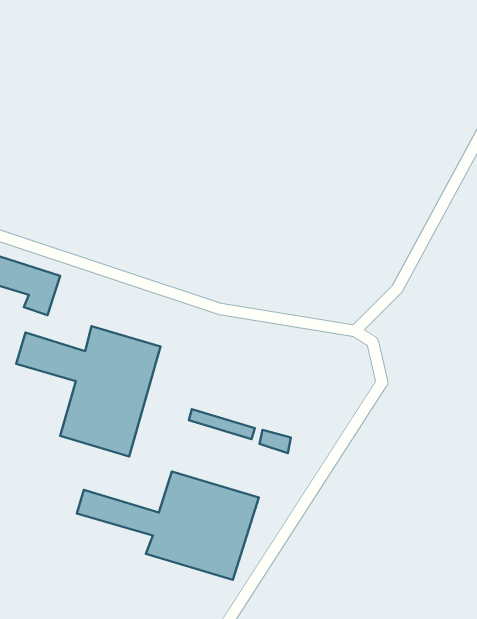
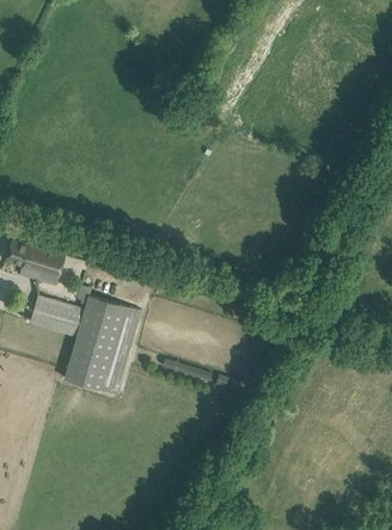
building: [77,471,259,580] -> none

